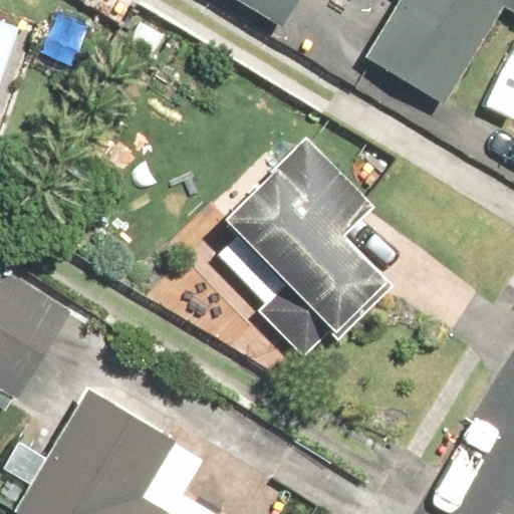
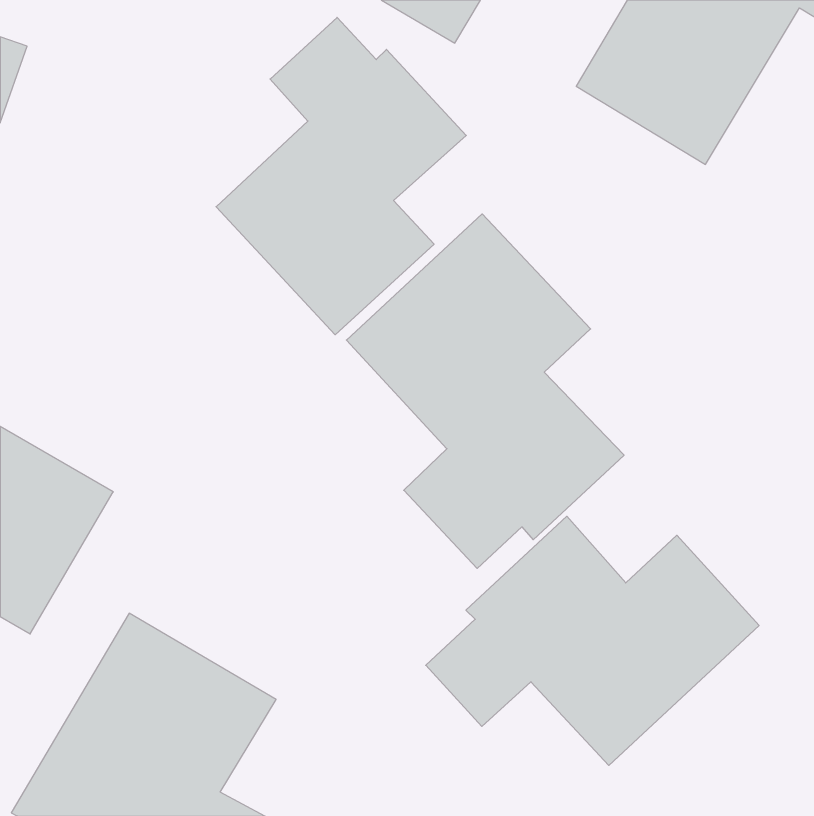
building: none -> [216,17,466,335]
building: none -> [426,516,759,765]

